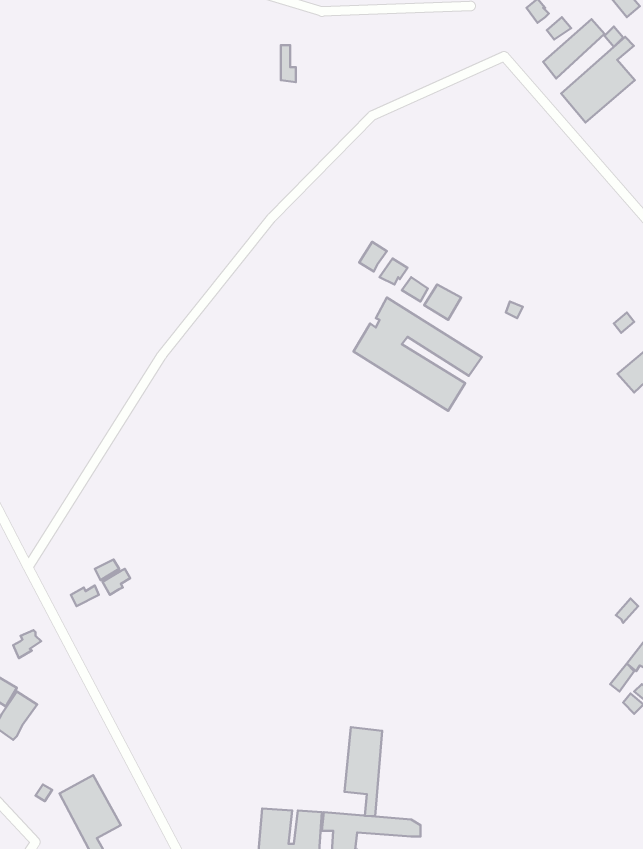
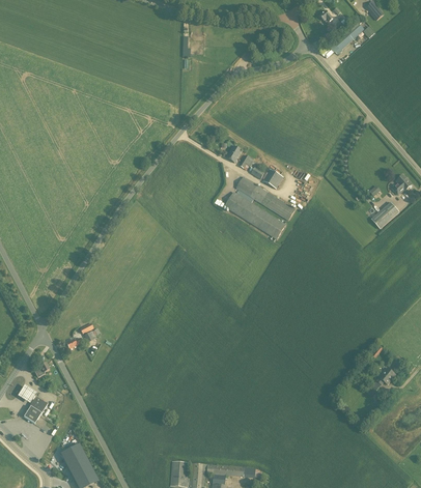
building: [561,37,635,122] -> none
building: [344,727,382,816] -> none

